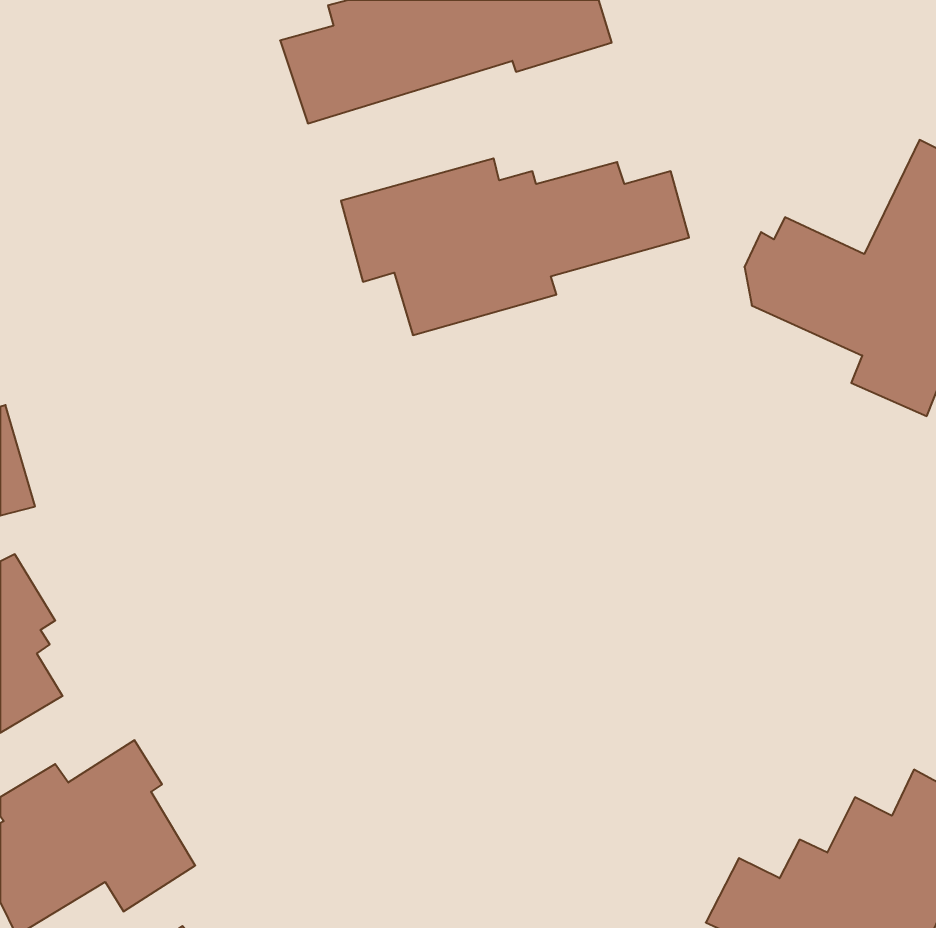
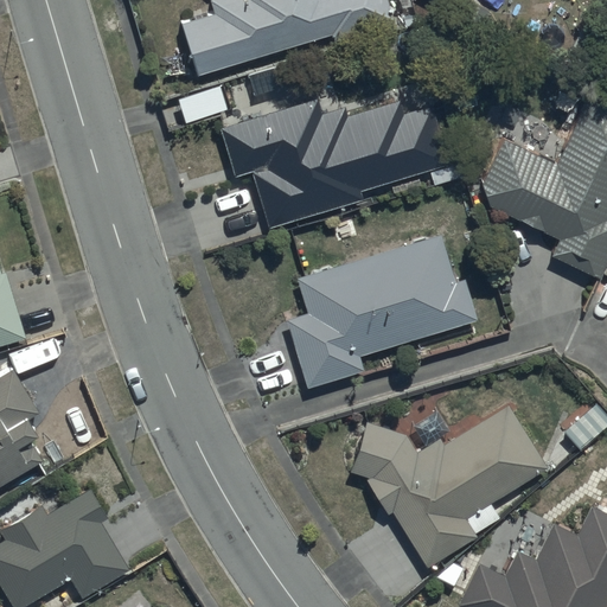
building: none -> [287,232,475,385]
building: none -> [351,401,549,566]

